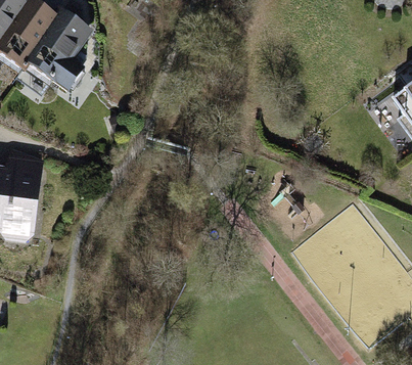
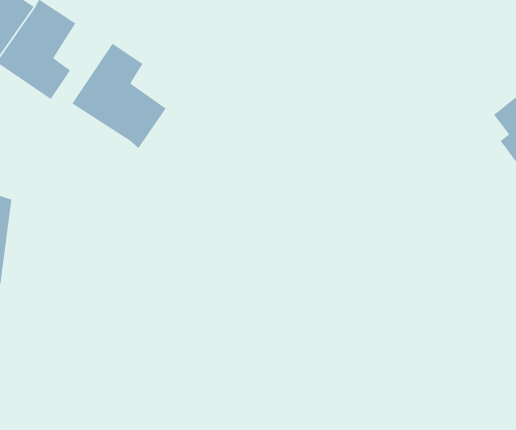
building: none -> [72,43,166,149]

